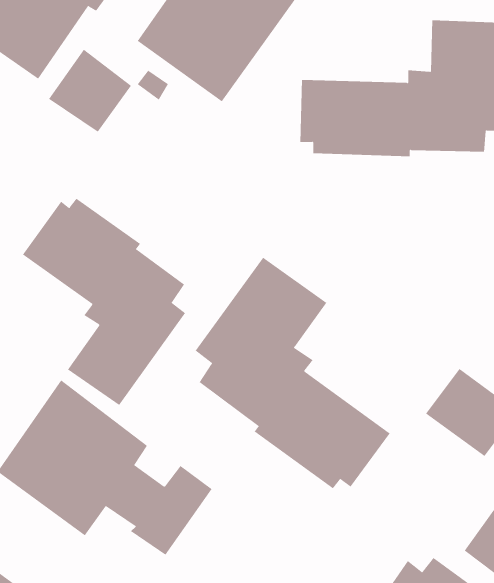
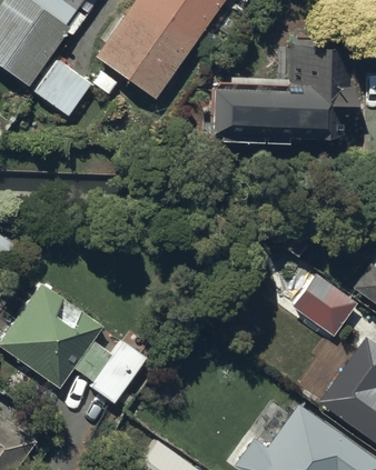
building: [22,198,186,406] -> none
building: [195,257,390,489] -> none

